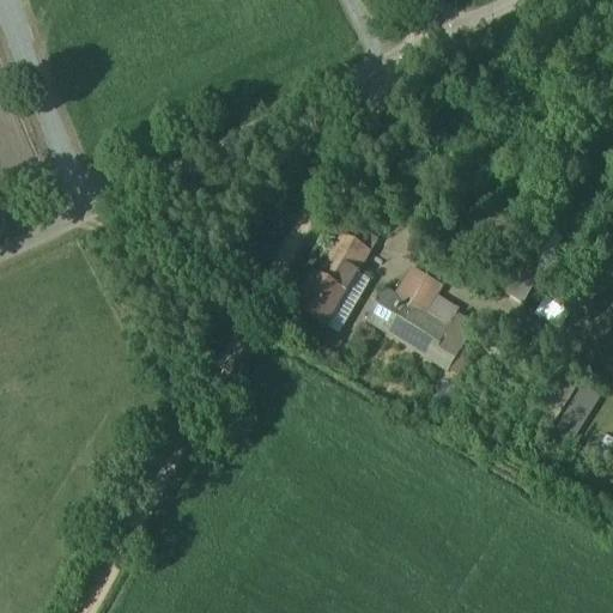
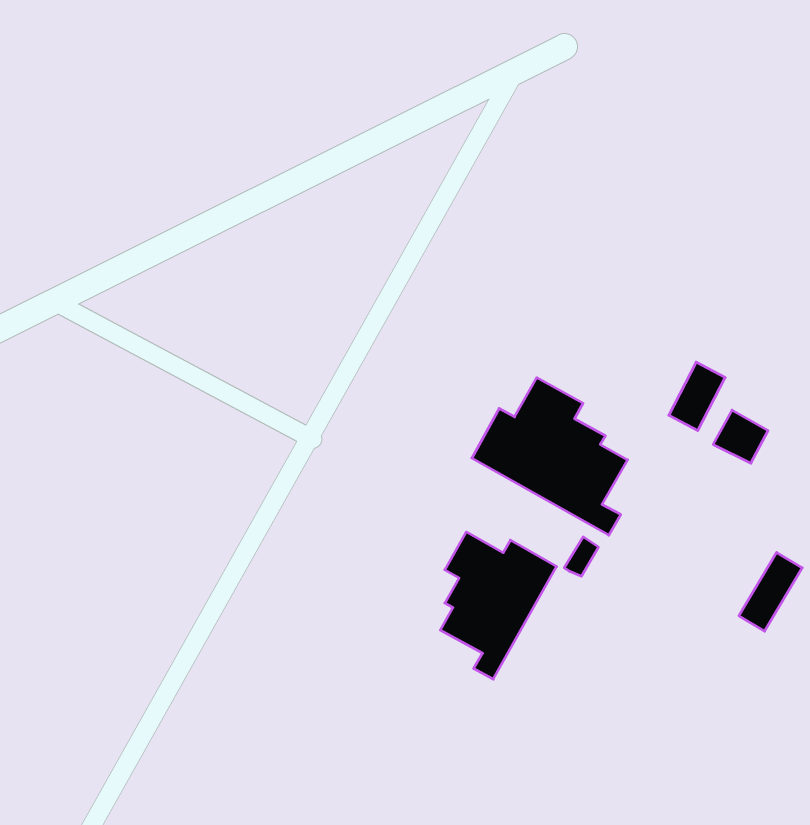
building: [292,220,376,329] -> none
building: none -> [440,532,557,679]

